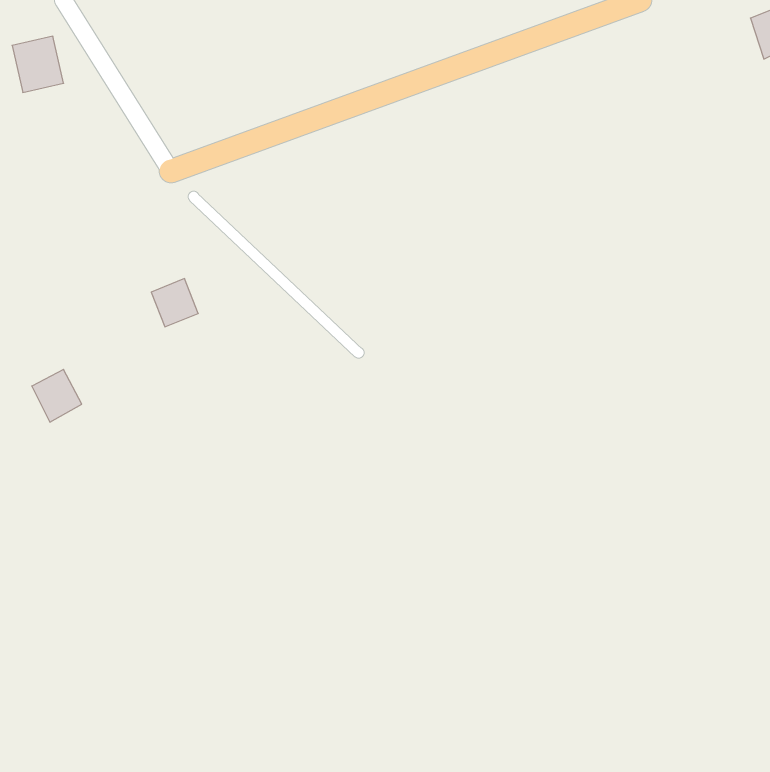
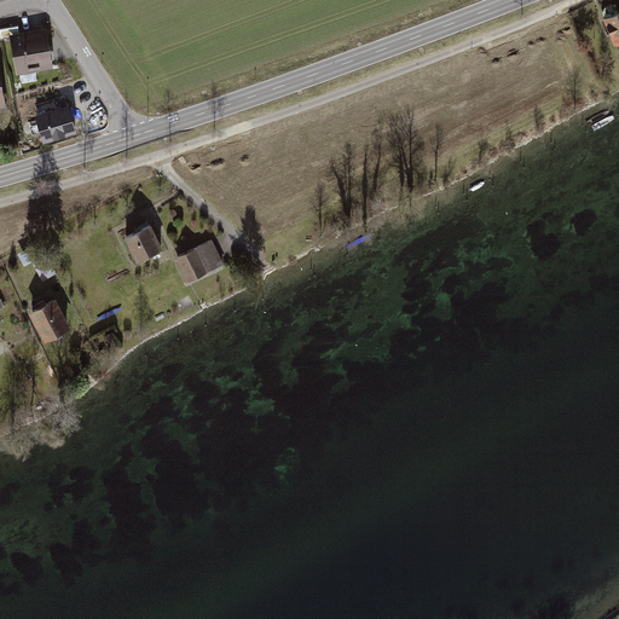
building: none -> [36,104,76,140]
building: none -> [177,241,227,288]

